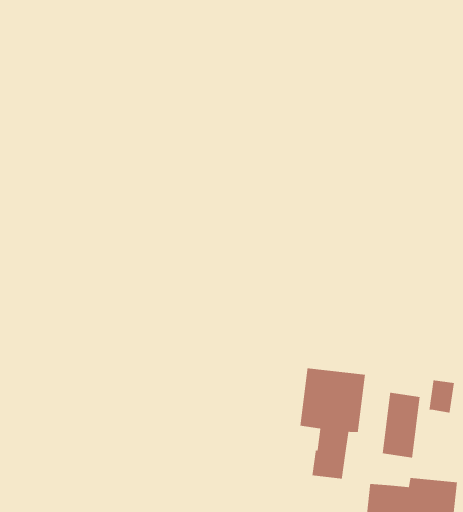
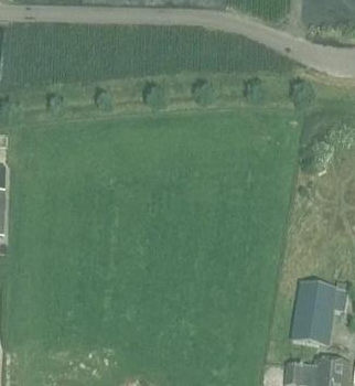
building: [299,367,366,480] -> none

